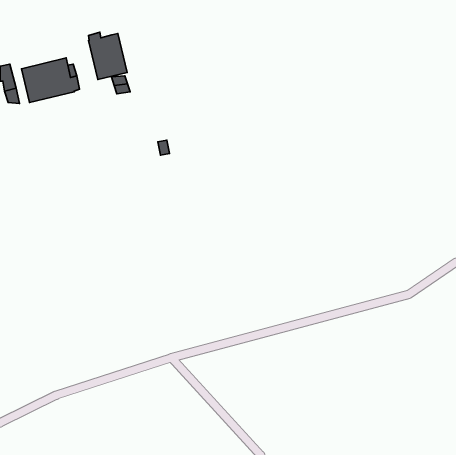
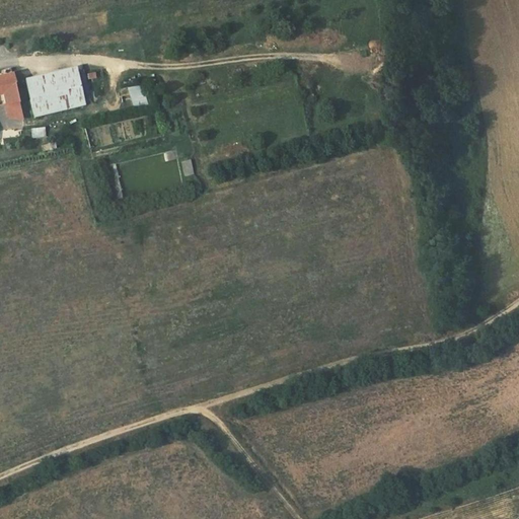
building: [88,32,127,80] -> none

